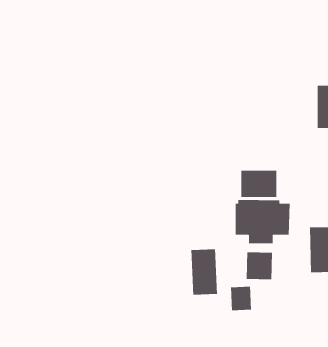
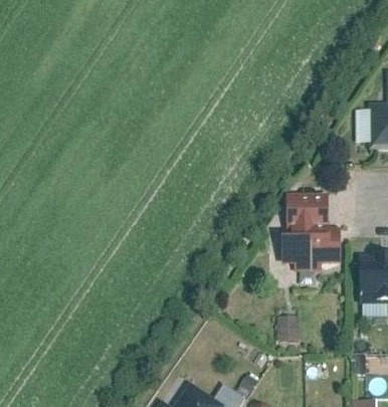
building: [191,248,217,295] -> none
building: [246,252,272,280] -> none

